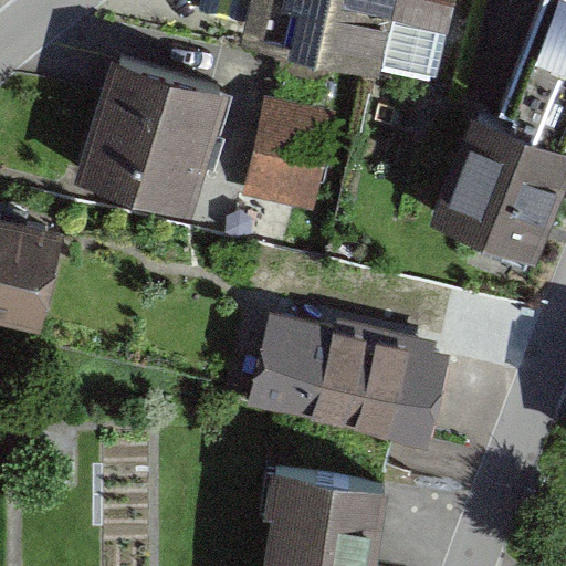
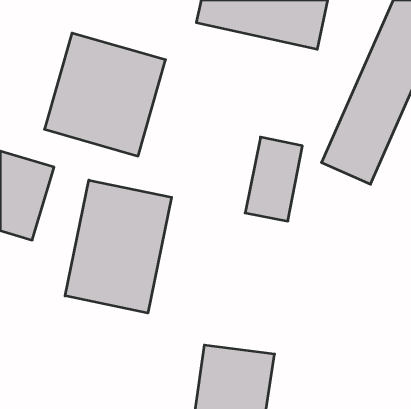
building: [250,107,328,222] -> [245,137,302,221]
building: none -> [65,180,172,313]
building: [250,321,433,441] -> none

